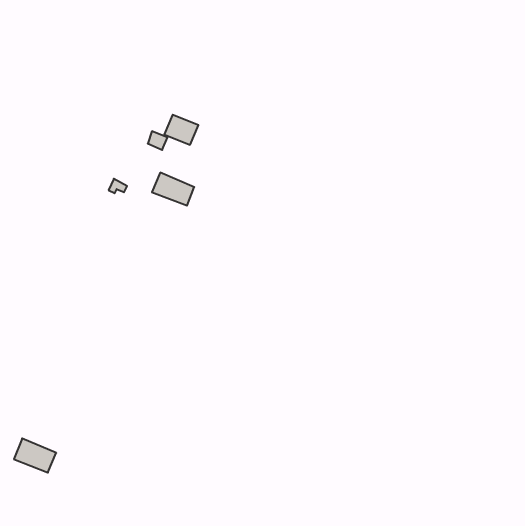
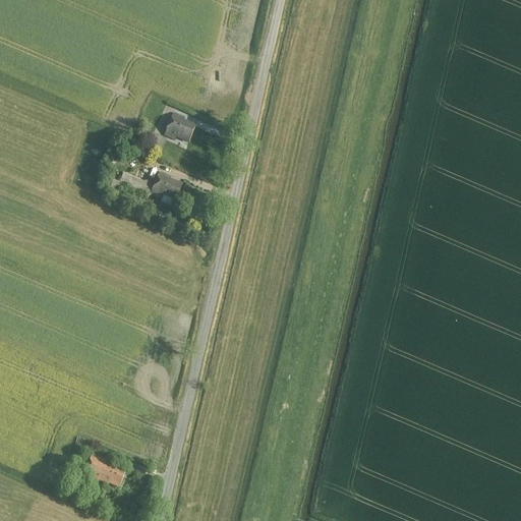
building: [14,438,56,473] -> [82,452,124,485]

